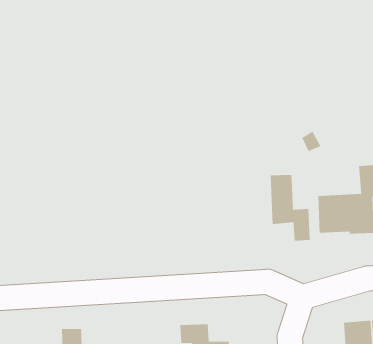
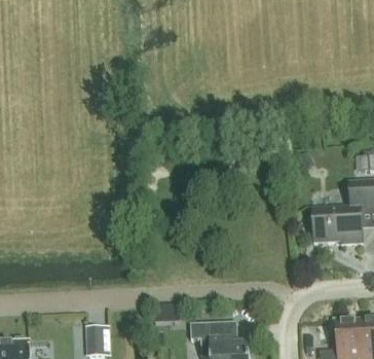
building: [270,174,310,242] -> none

